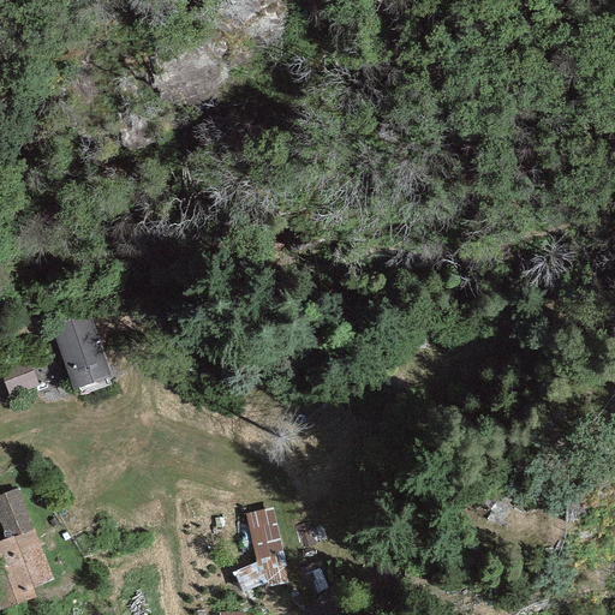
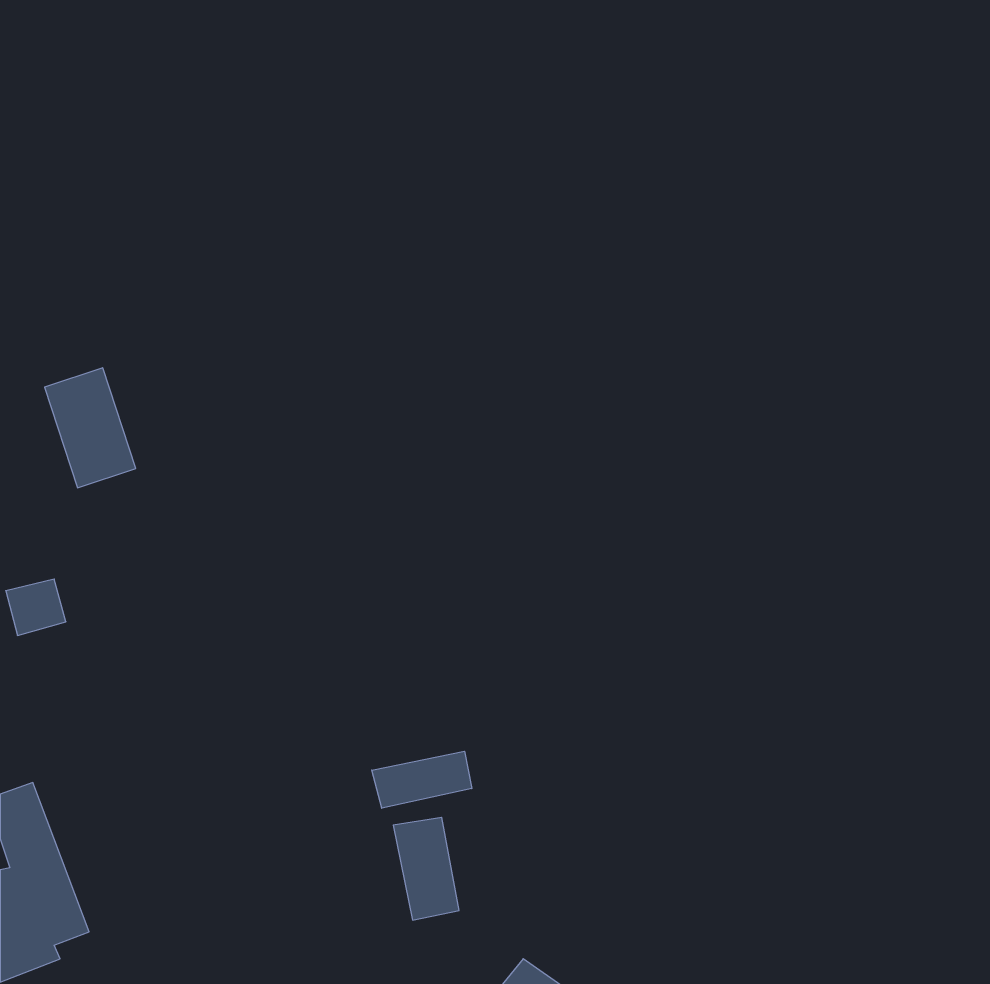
building: [52,315,108,389] -> [45,368,136,488]
building: none -> [372,751,472,808]

